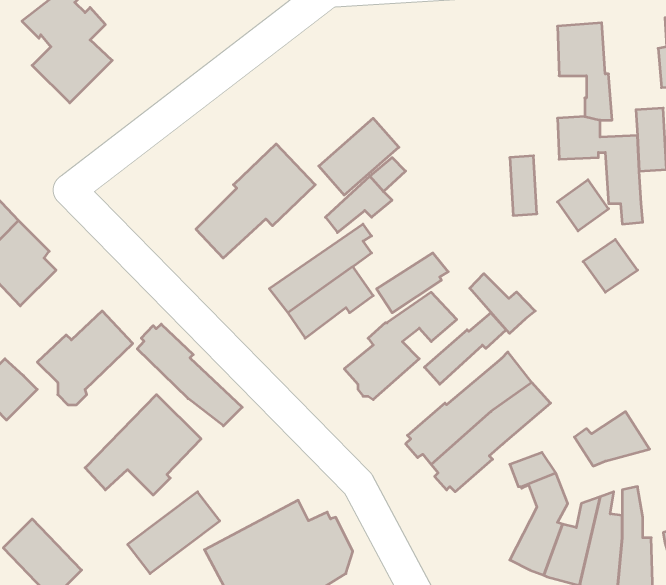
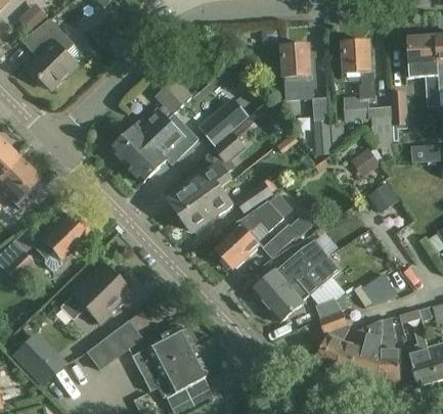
building: none -> [281,43,316,98]
building: none -> [112,79,192,164]
building: [470,274,535,333] -> none
building: [137,324,242,426] -> none

